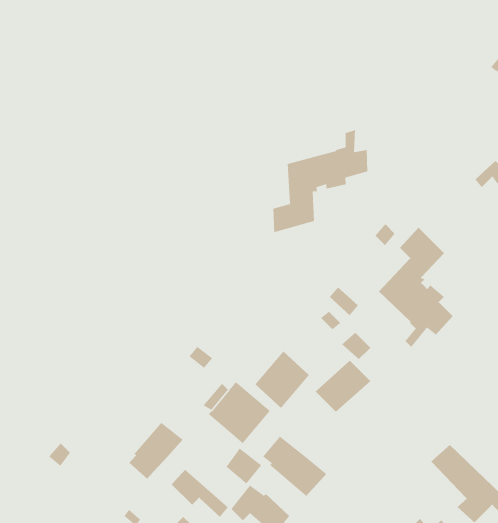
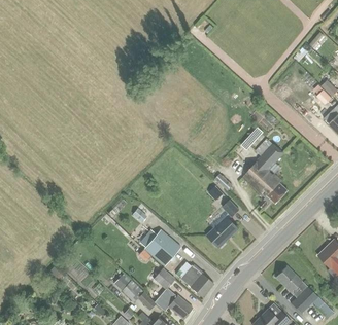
building: [273,129,368,233] -> none
building: [255,351,310,409] -> none
building: [128,422,183,479] -> none

